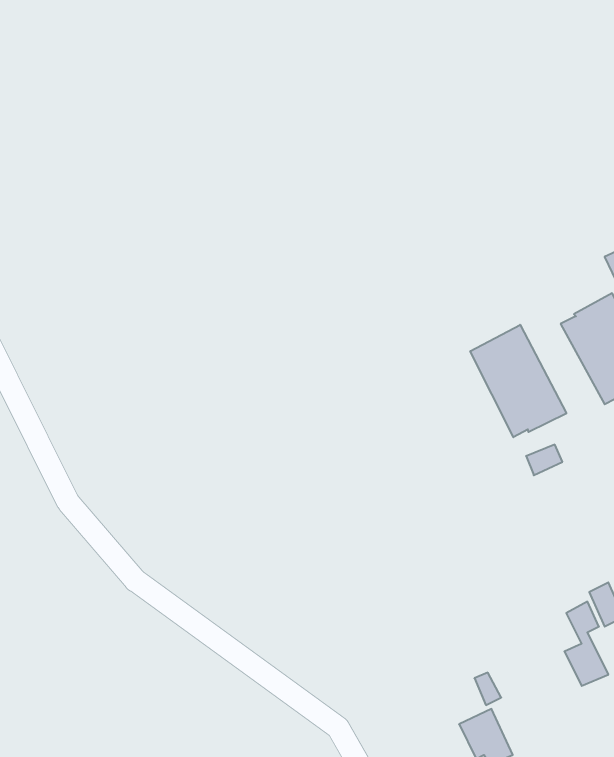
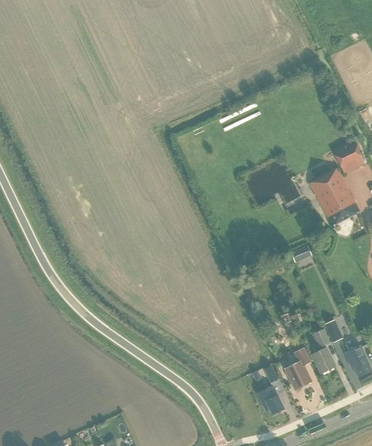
building: [470,325,566,437] -> none
building: none -> [287,349,309,386]

